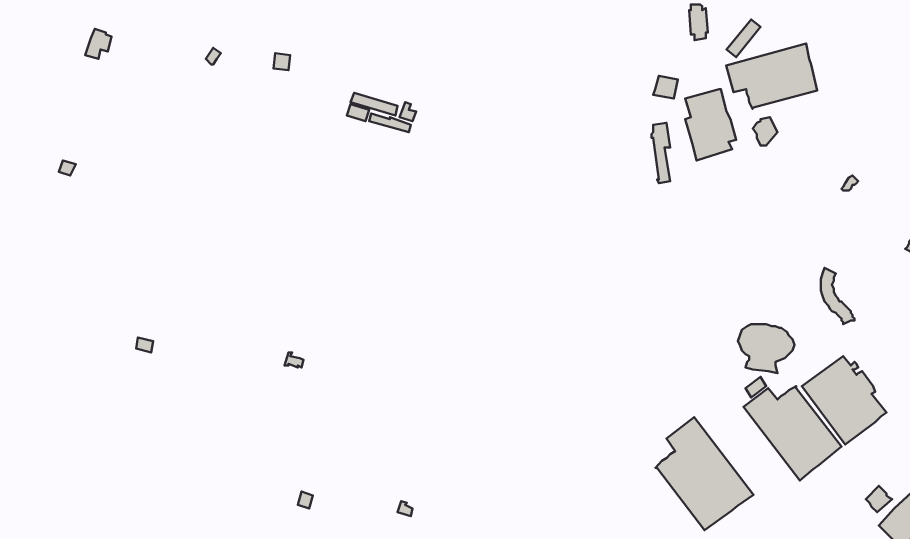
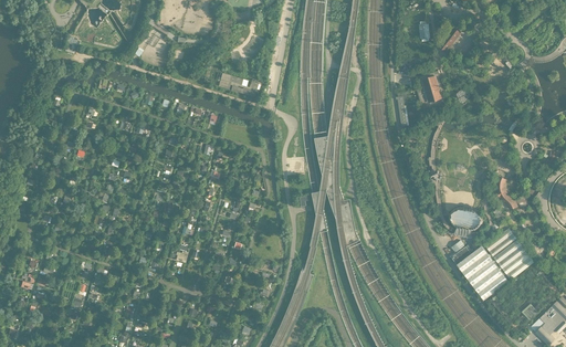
building: [726,44,817,109] -> none
building: [655,417,754,530] -> none

